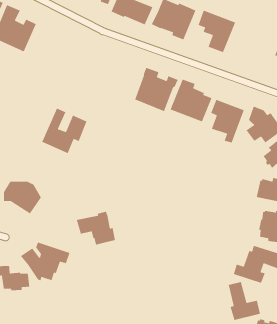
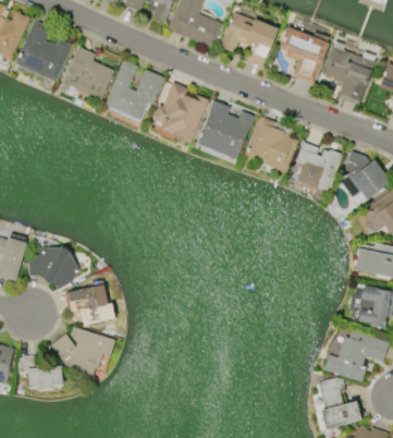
building: none -> [321,40,376,105]
building: none -> [63,46,114,99]
building: none -> [152,82,208,144]
building: [41,108,88,154] -> [105,60,164,120]
building: [76,211,116,246] -> [63,281,114,326]

